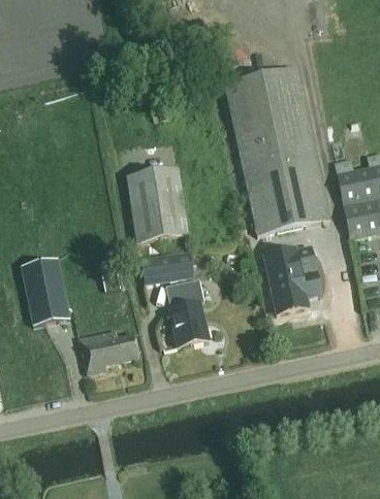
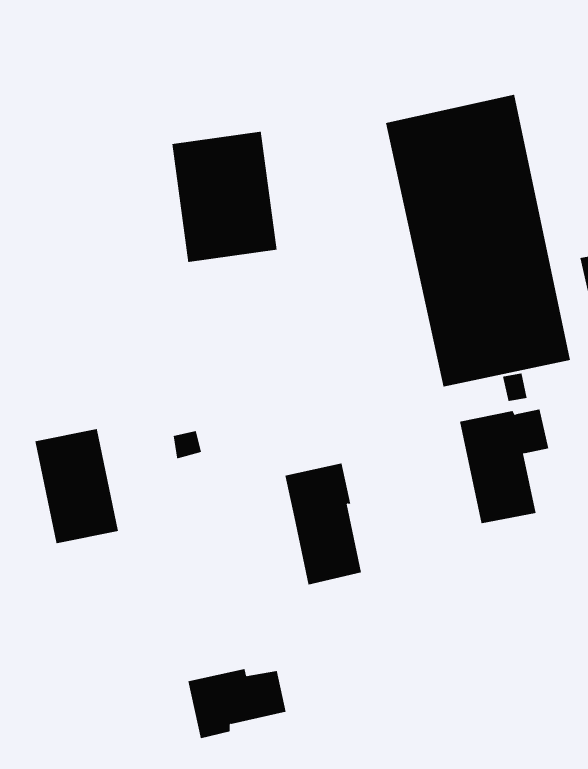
building: [127,168,188,243] -> [171,131,278,262]
building: [139,252,193,284] -> none
building: [83,332,139,372] -> [187,669,286,739]

